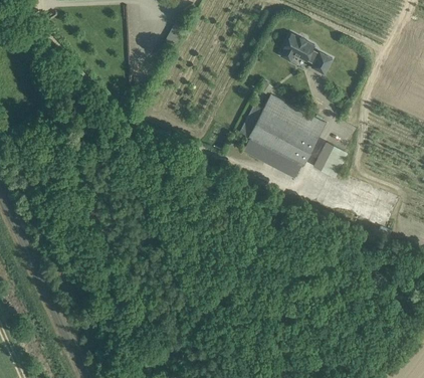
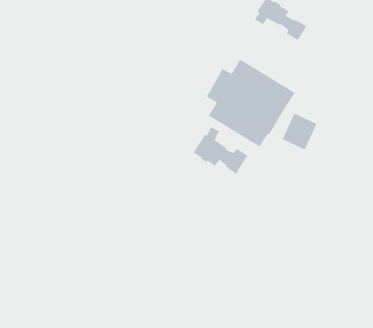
building: none -> [193,126,248,175]

